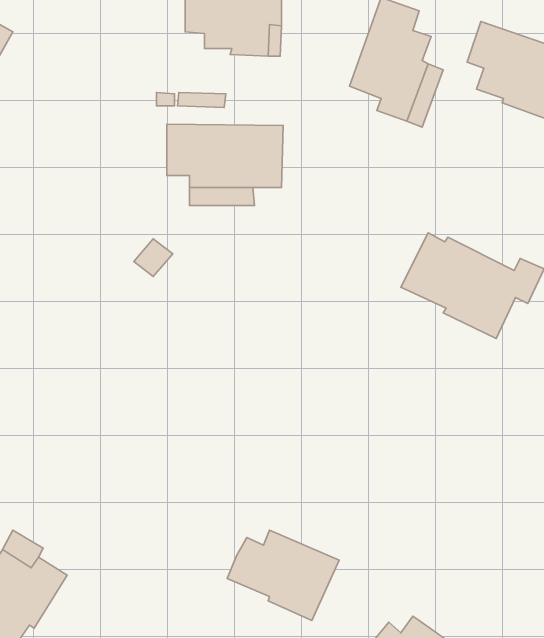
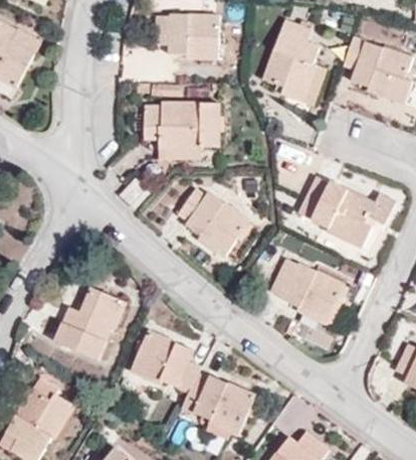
building: none -> [178,187,249,257]
building: none -> [269,259,344,323]
building: none -> [57,288,128,360]
building: none -> [132,331,202,393]

